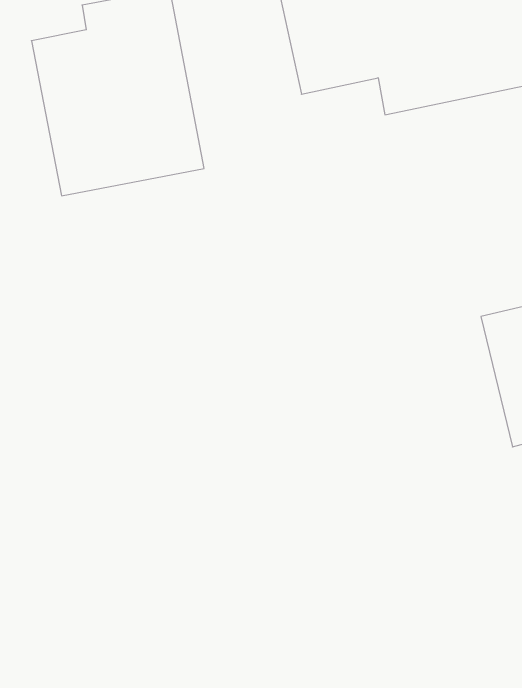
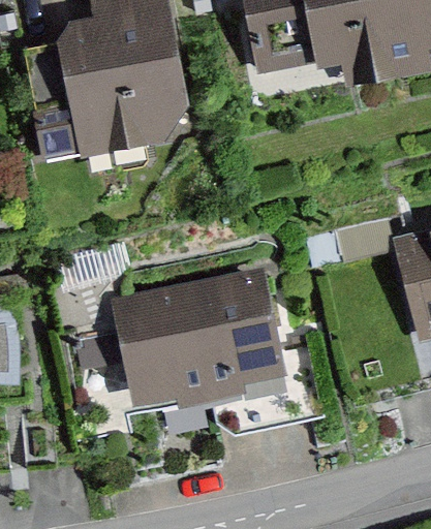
building: none -> [116,272,278,401]

